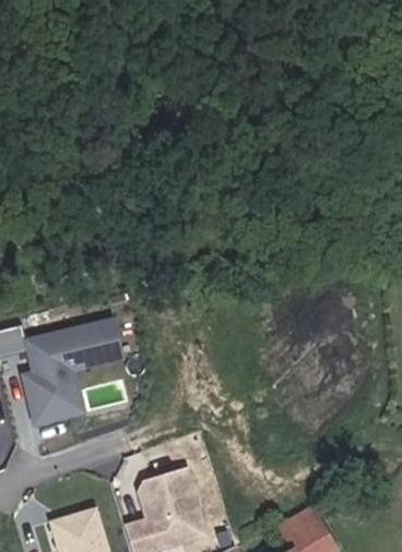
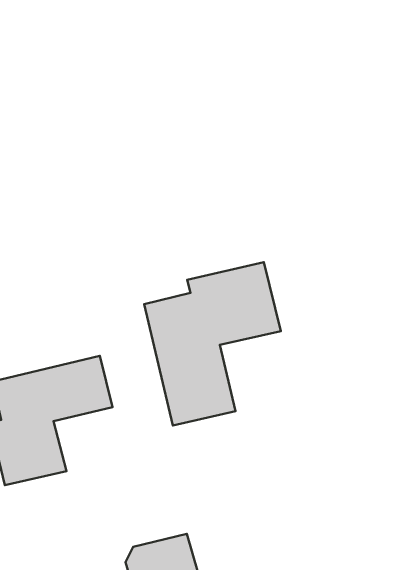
building: none -> [144,262,281,425]

